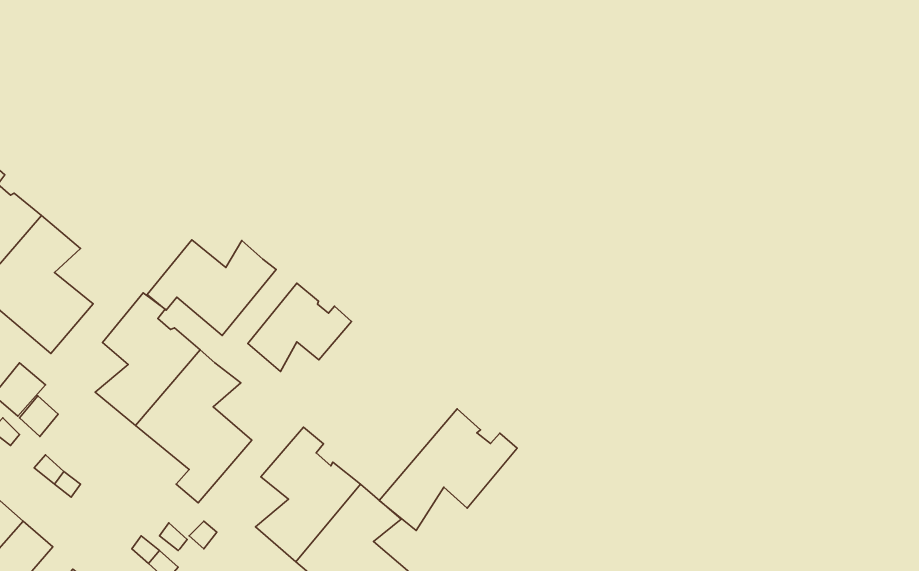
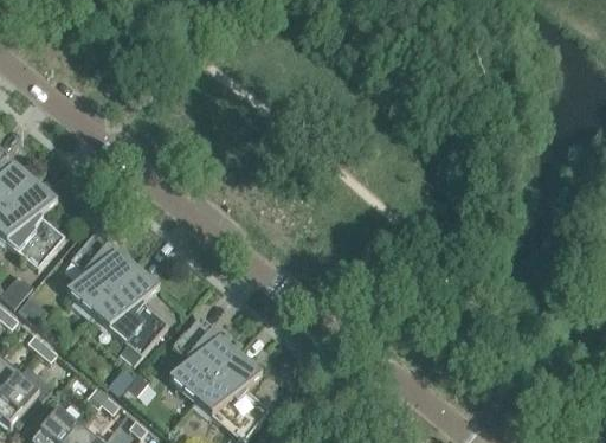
building: [147,240,276,336] -> none
building: [248,283,351,372] -> none
building: [379,409,517,530] -> none

